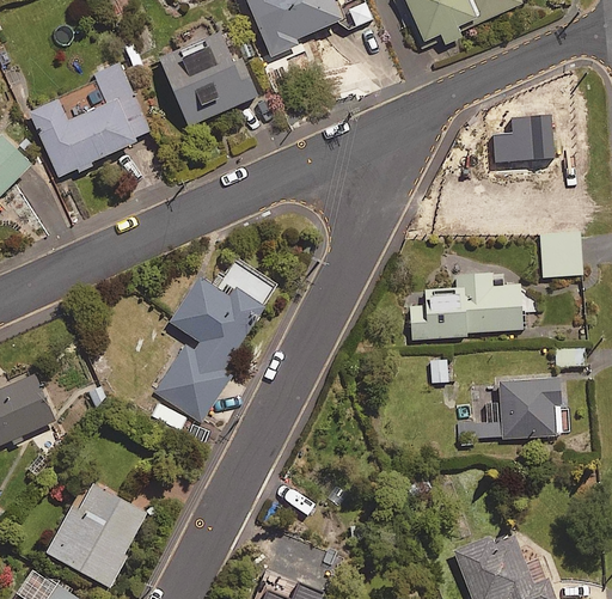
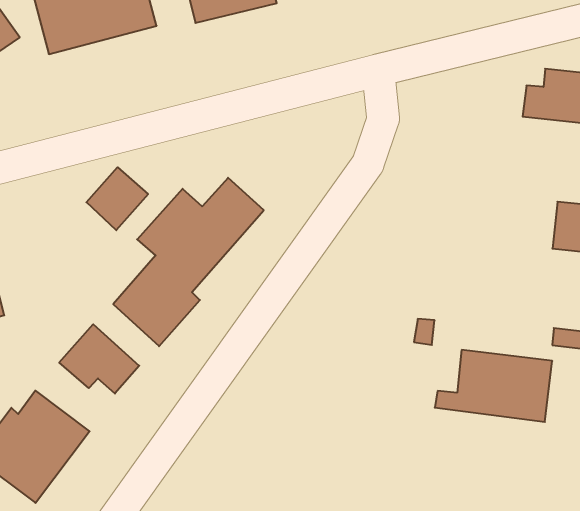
building: none -> [86,167,148,230]
building: [408,273,521,340] -> none
building: none -> [59,324,139,394]

